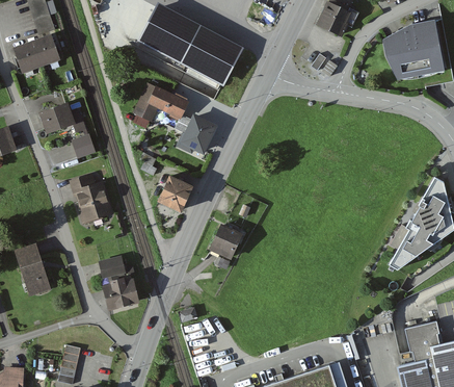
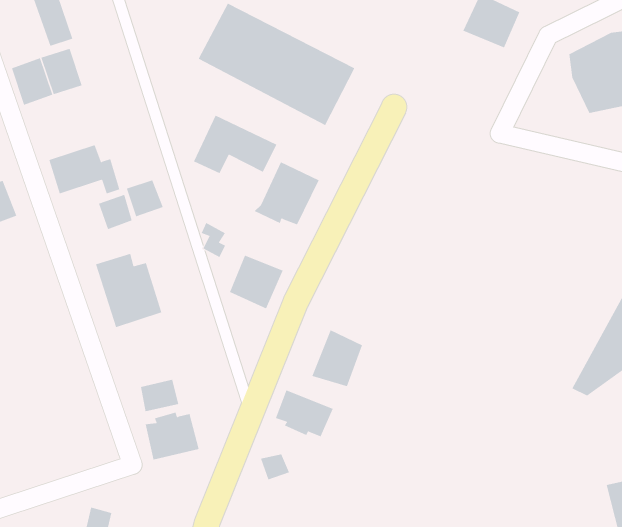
building: none -> [126,179,163,217]
building: [15,246,50,296] -> none
building: none -> [275,390,334,437]

